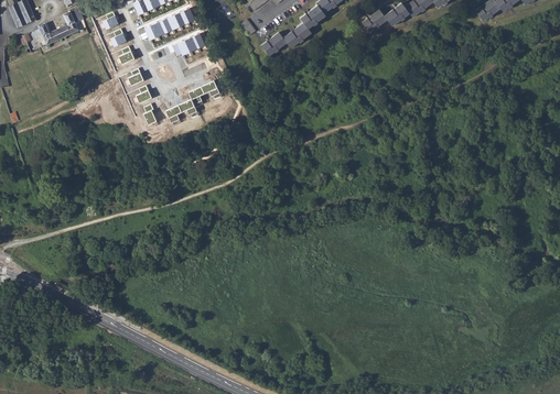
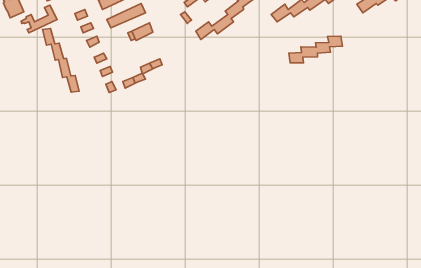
building: none -> [43,29,79,92]
building: none -> [289,36,342,63]

